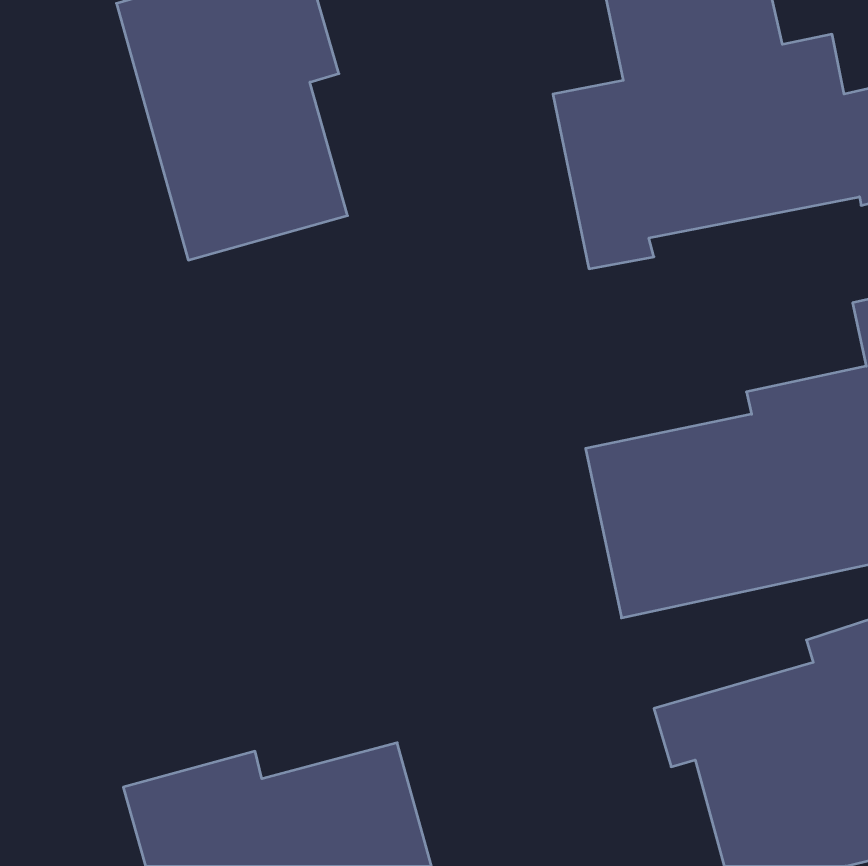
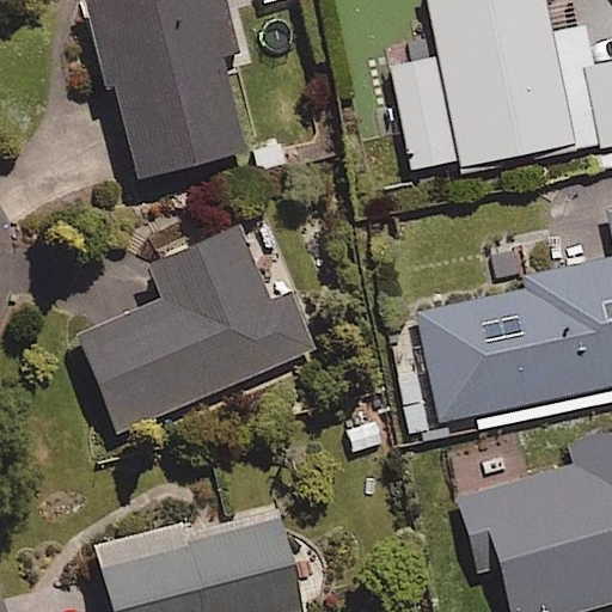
building: none -> [74,231,316,455]

